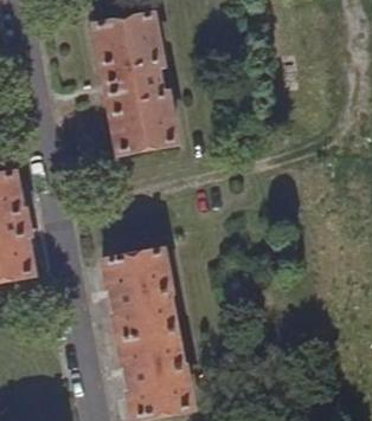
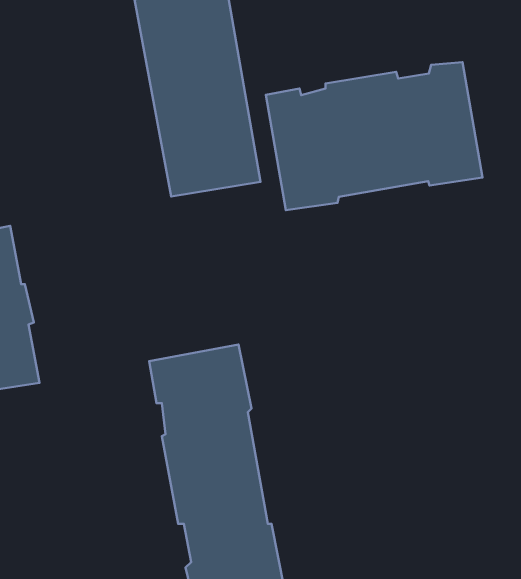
building: none -> [266,62,483,210]

